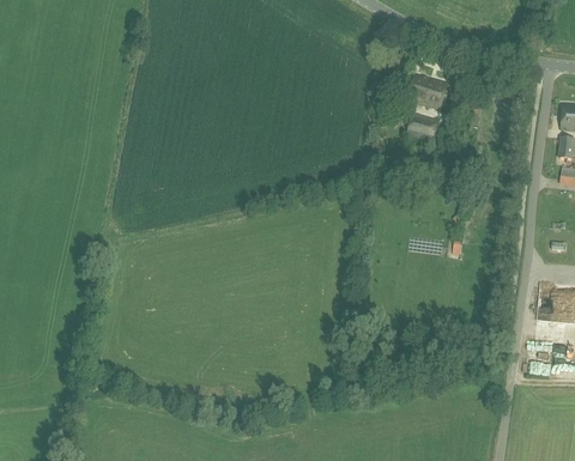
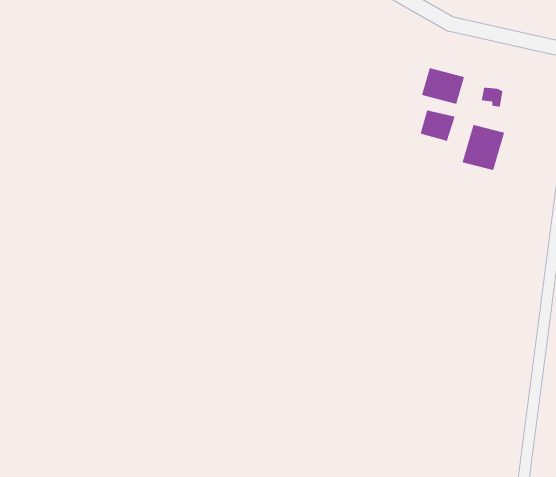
building: none -> [462,124,505,171]

